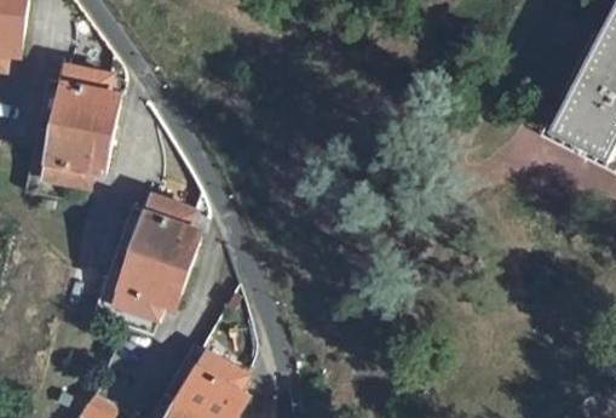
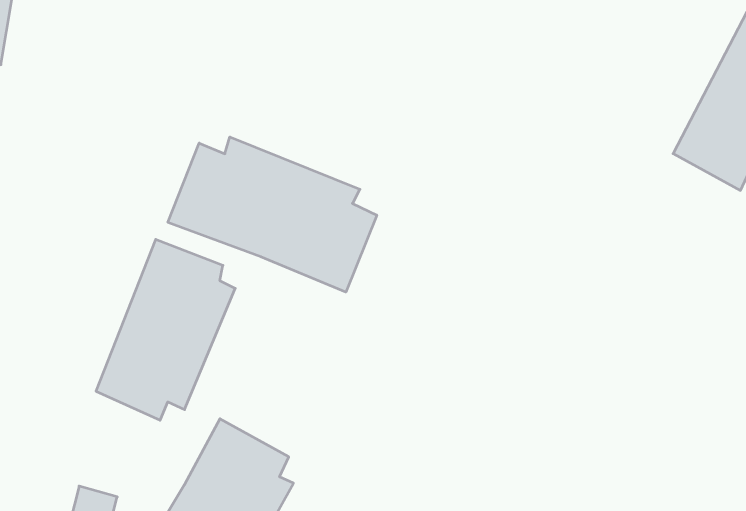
building: [29,61,125,201] -> none
building: none -> [168,137,377,292]

